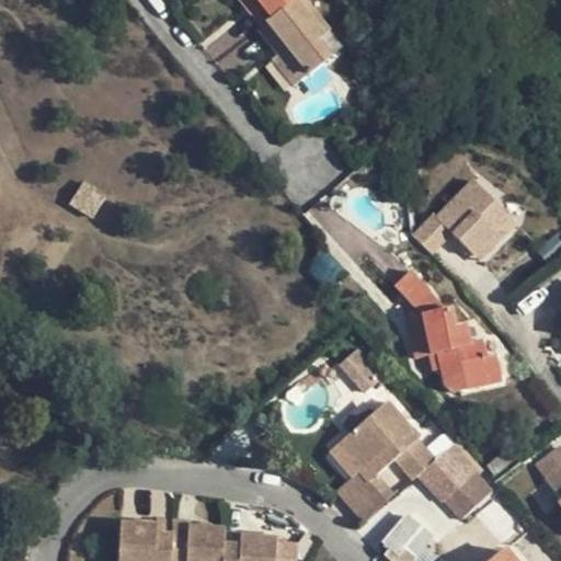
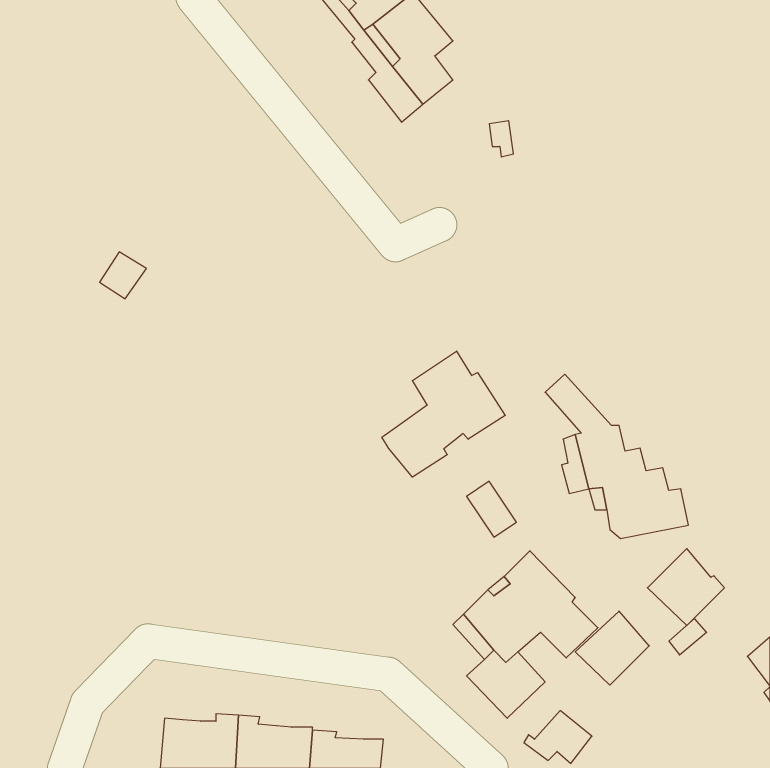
building: [409,179,519,264] -> none
building: none -> [382,351,505,477]
building: [443,469,499,525] -> [647,549,724,626]

